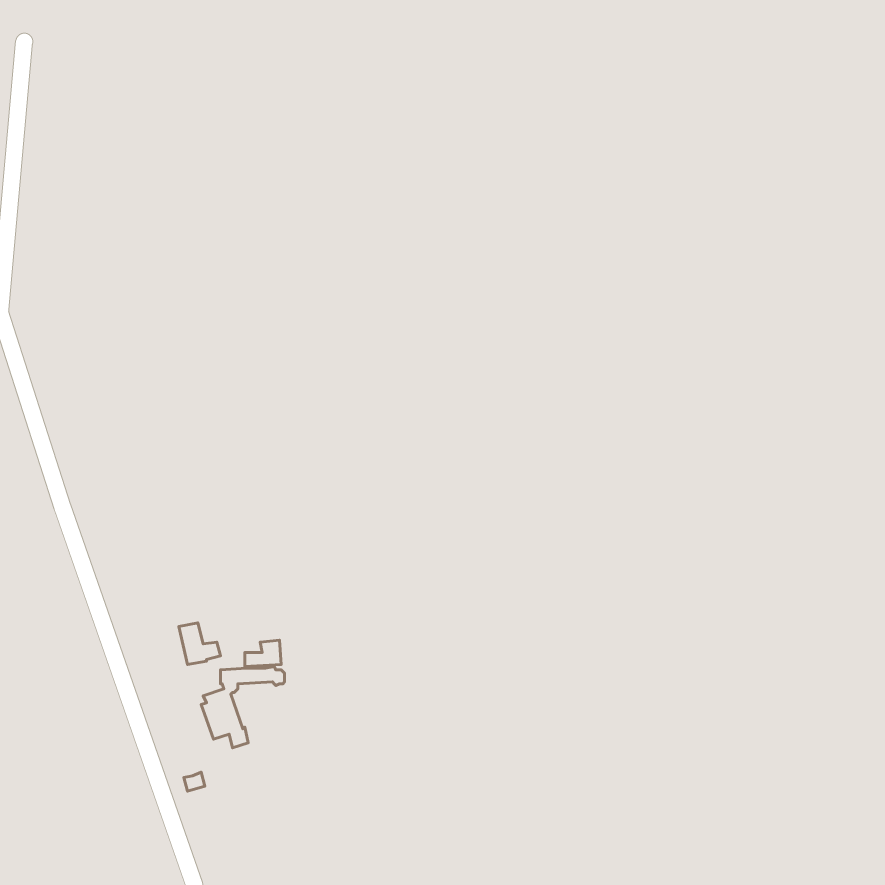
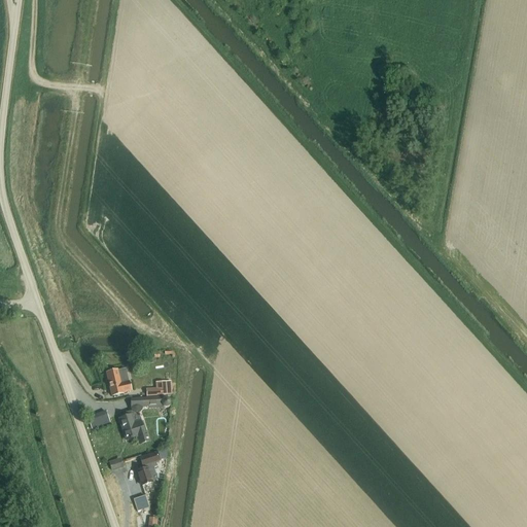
building: none -> [138,452,159,484]

